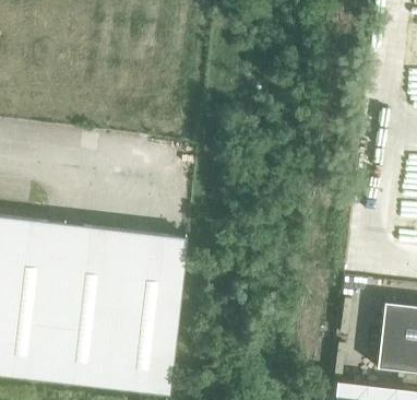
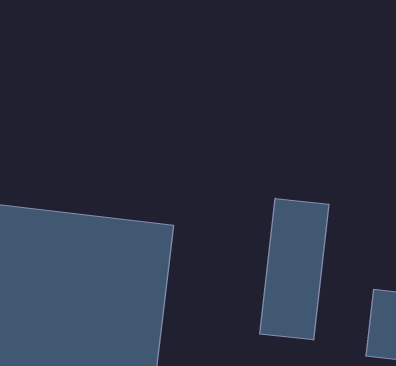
building: none -> [260,198,329,340]

